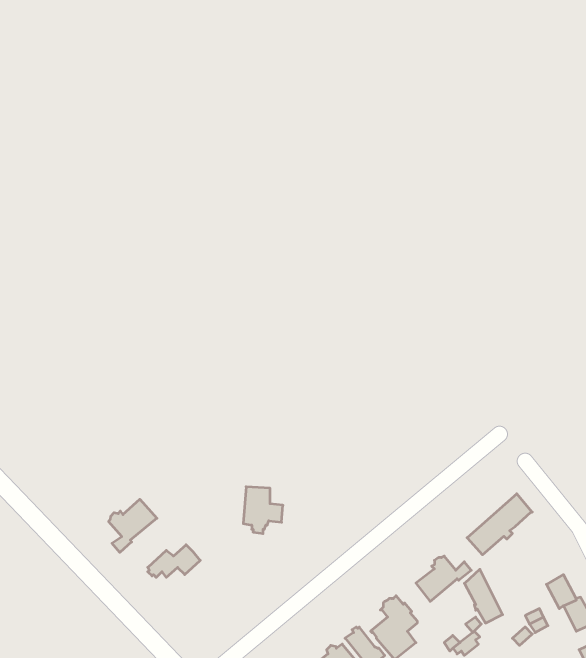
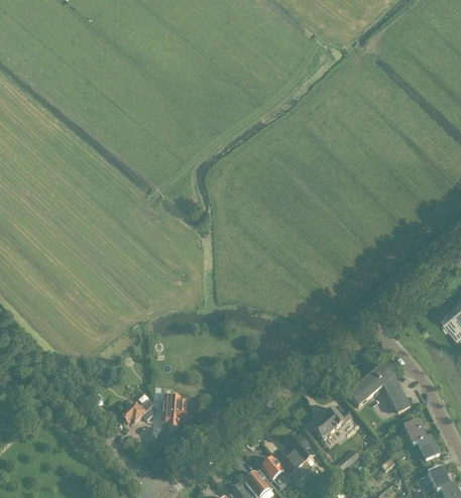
building: [243,487,283,534] -> [160,395,189,428]
building: [109,499,157,552] -> none
building: [464,569,503,623] -> [381,374,409,412]

